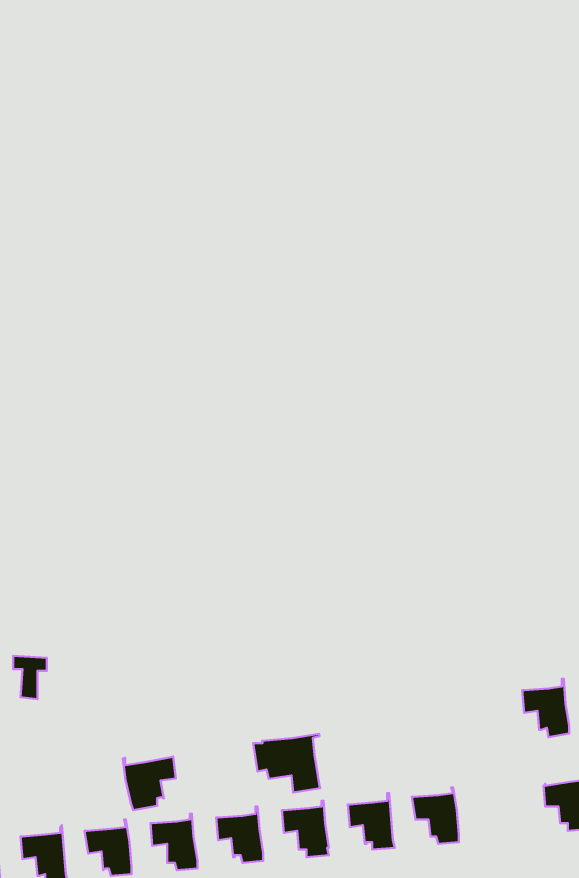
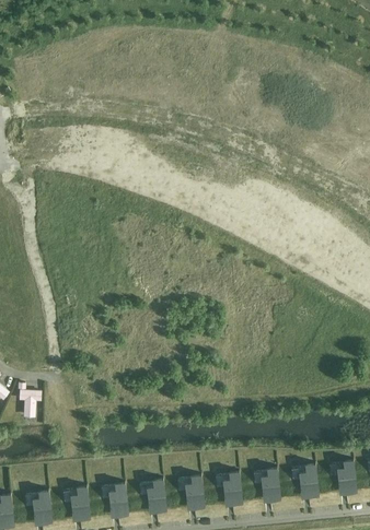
building: [522,679,569,737] -> [291,461,319,495]
building: [253,734,320,793] -> none
building: [123,757,176,810] -> none

